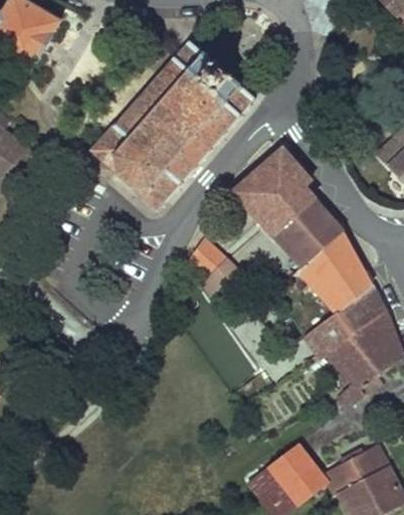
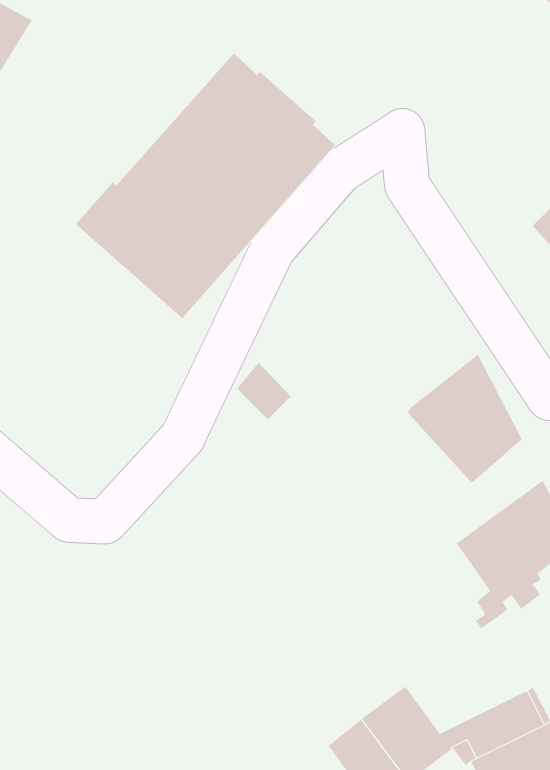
building: [234,150,344,267] -> none
building: [202,260,244,301] -> none
building: [306,287,385,360] -> none

